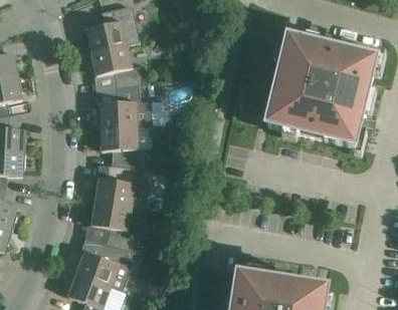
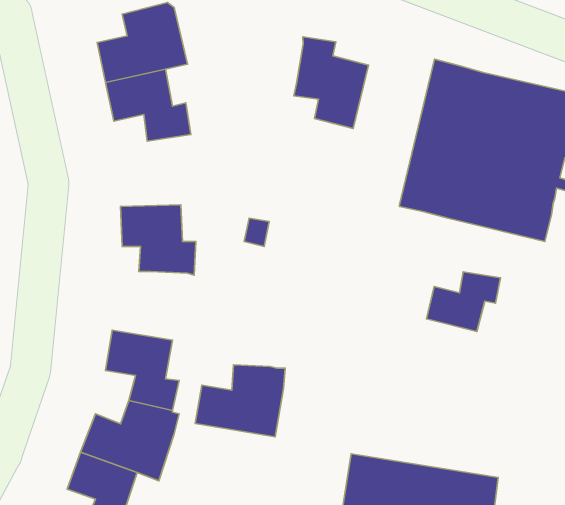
building: none -> [294,37,368,129]
building: [98,83,150,126] -> none
building: [94,166,149,209] -> [195,365,285,437]
building: none -> [427,272,501,331]

